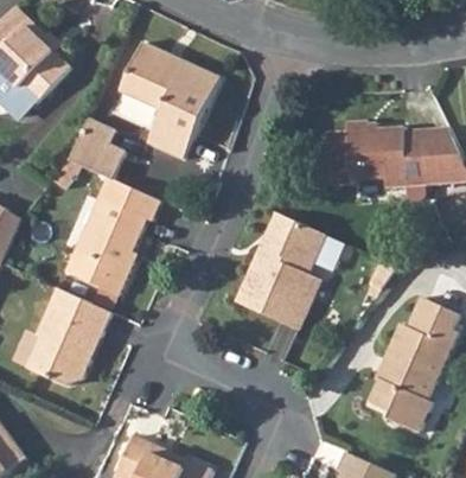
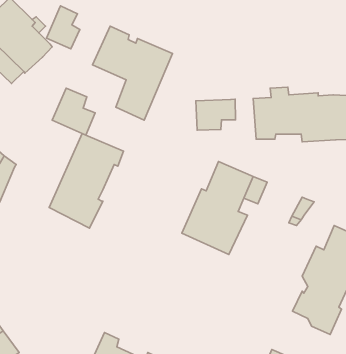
building: none -> [46,6,80,49]
building: none -> [196,99,235,130]
building: [25,287,109,384] -> none

